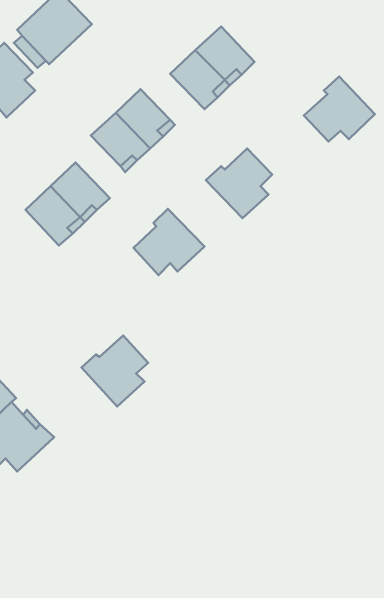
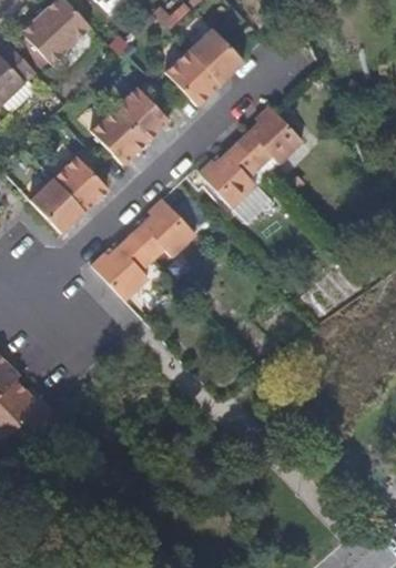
building: [304,76,375,142] -> [237,105,304,166]
building: [82,335,148,407] -> [92,235,154,302]

